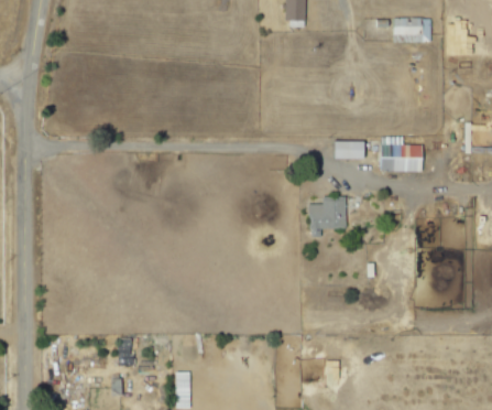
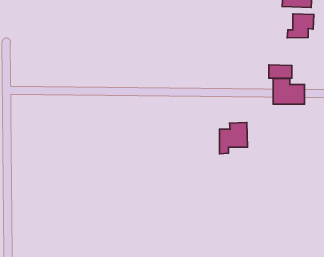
building: none -> [287,14,314,38]
building: [332,140,363,158] -> [269,65,292,78]

